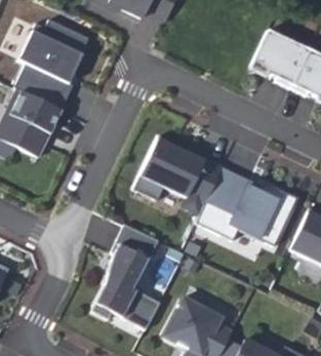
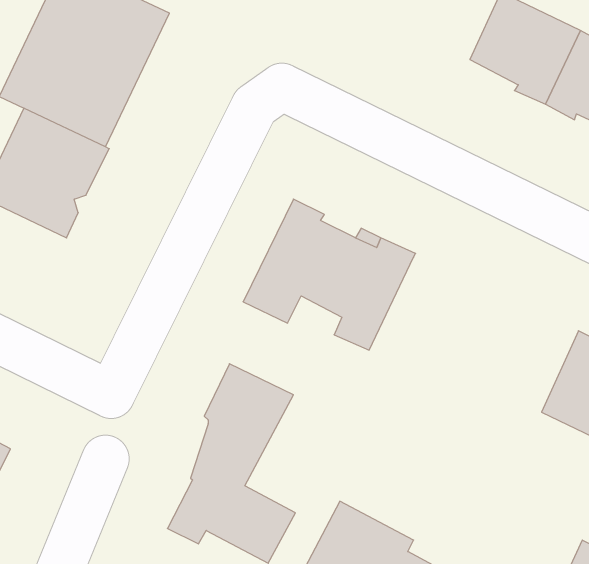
building: [196,168,297,247] -> none

